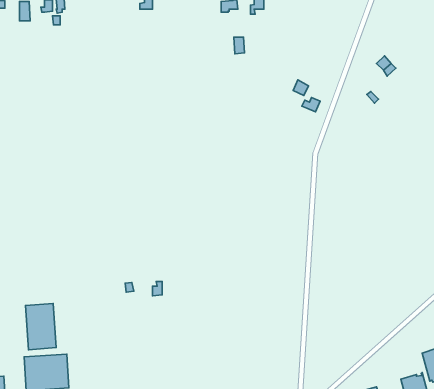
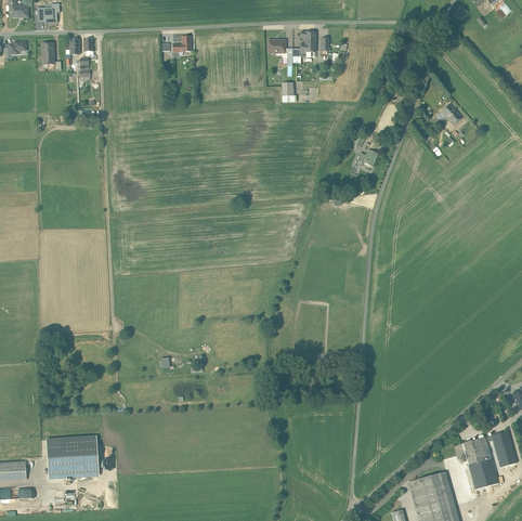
building: [26,303,56,350] -> none
building: none -> [453,435,492,464]

